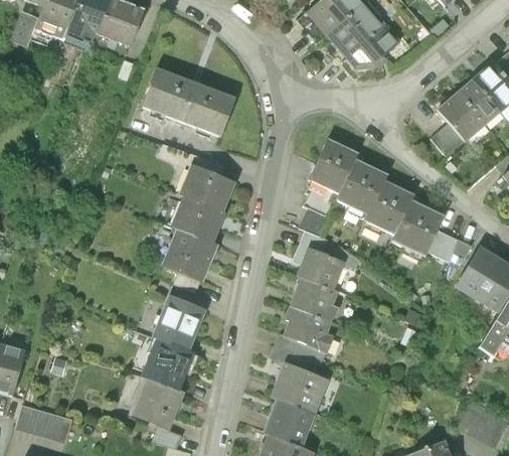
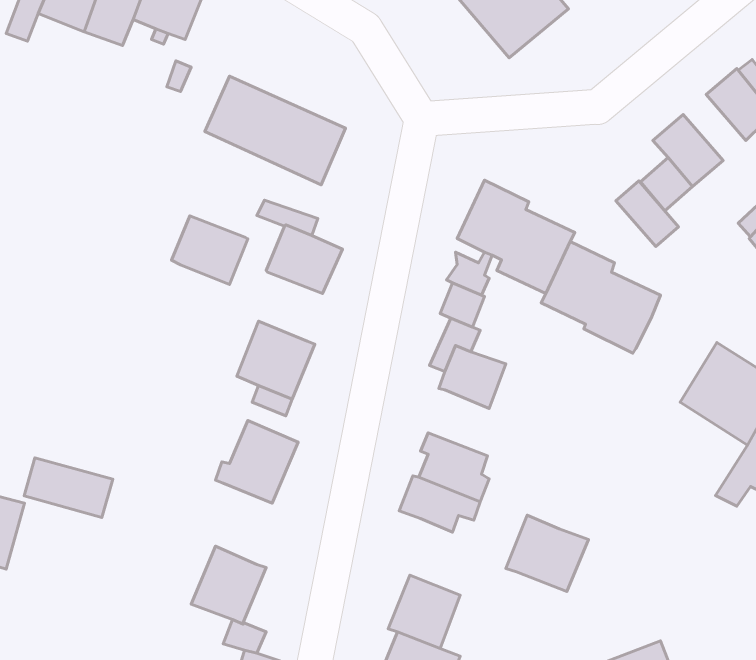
building: [344,25,399,69] -> none
building: [459,82,500,125] -> [616,181,679,247]
building: [173,198,223,244] -> [171,216,248,285]
building: [428,229,468,264] -> none
building: [291,276,336,319] -> none
building: [147,337,194,391] -> none
building: [272,360,326,411] -> [506,515,588,592]
building: [15,404,73,443] -> [24,458,113,517]

